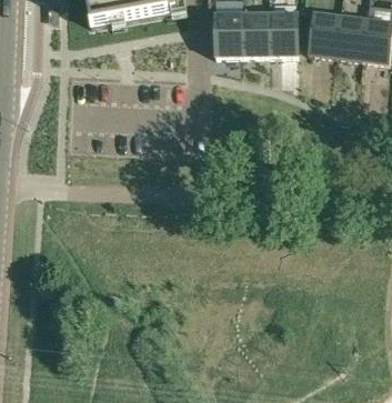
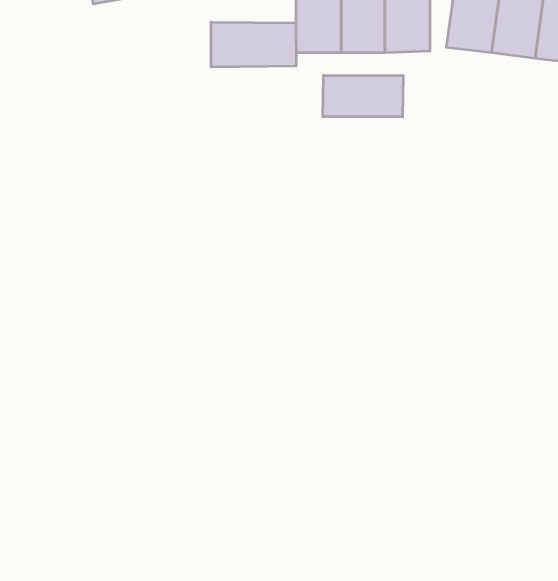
building: none -> [211,22,296,67]
building: none -> [323,75,403,117]

